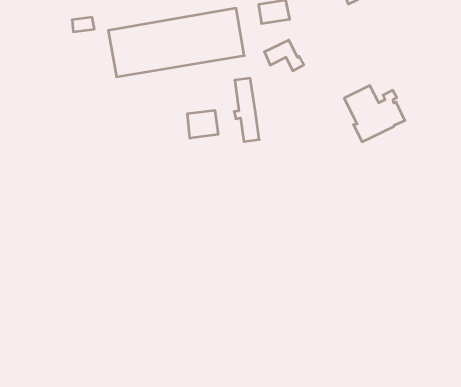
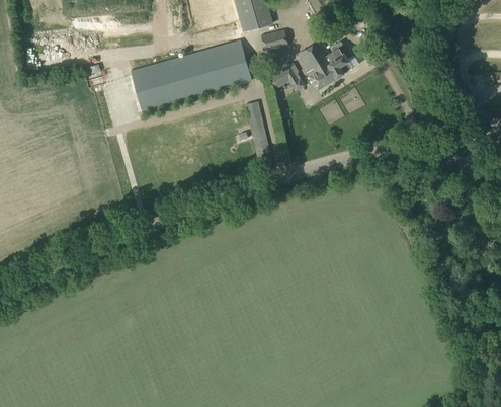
building: [344,86,405,142] -> [298,39,352,89]
building: [188,110,218,138] -> none

